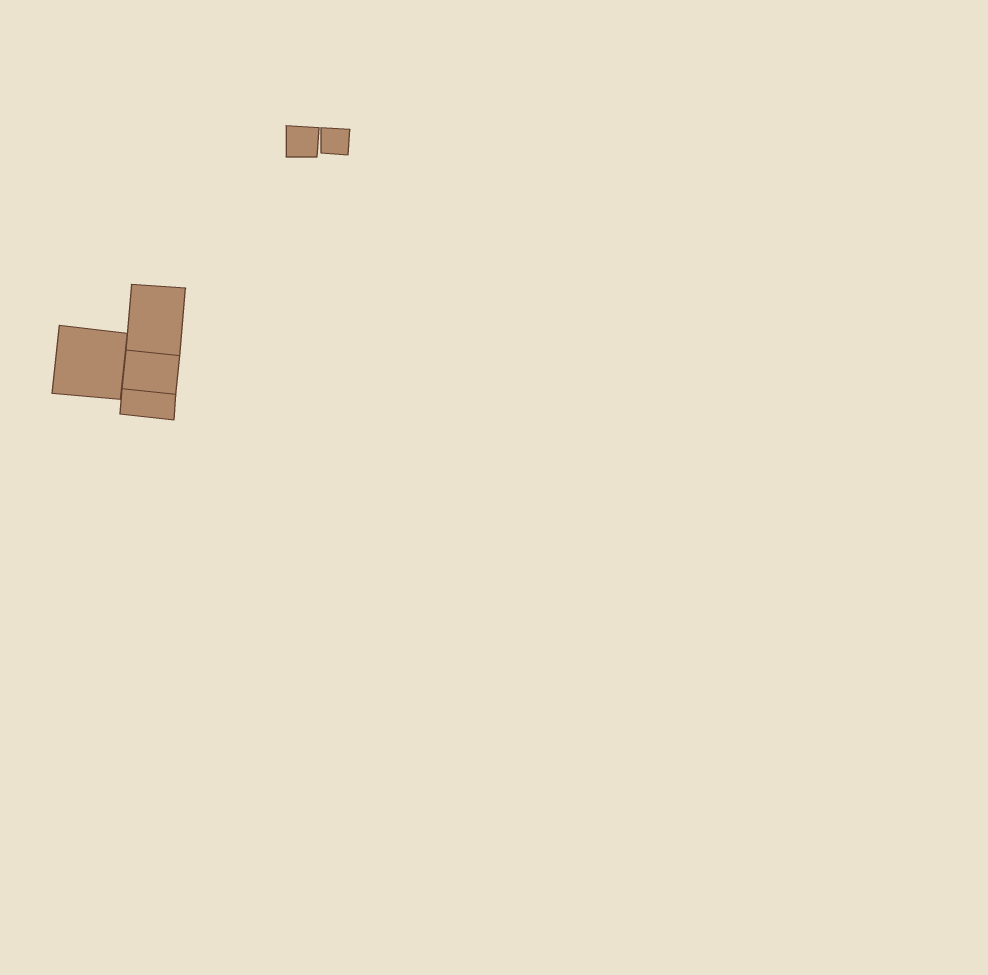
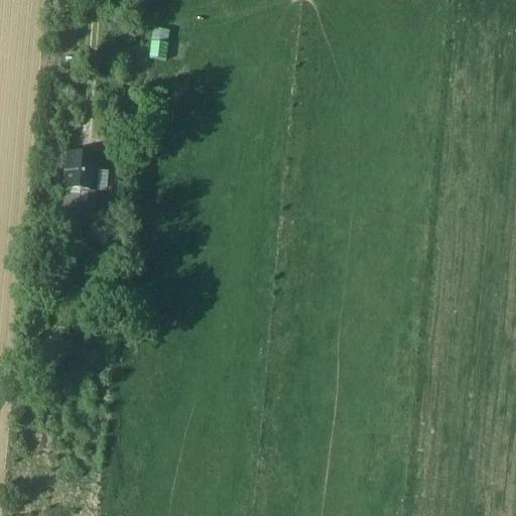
building: [52,325,127,399] -> none

